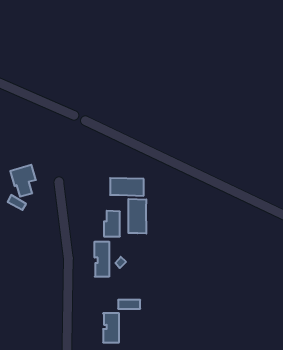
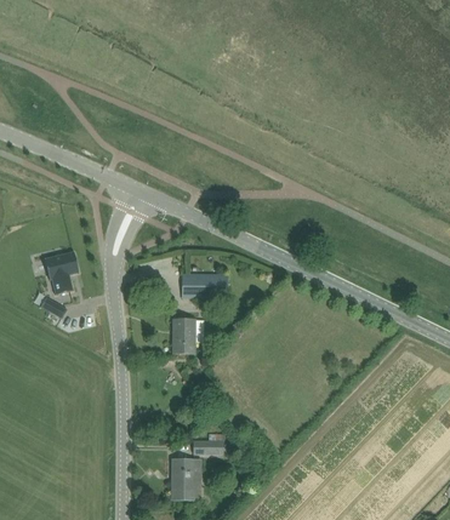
building: [128,199,146,234] -> none
building: [95,242,109,277] -> none

